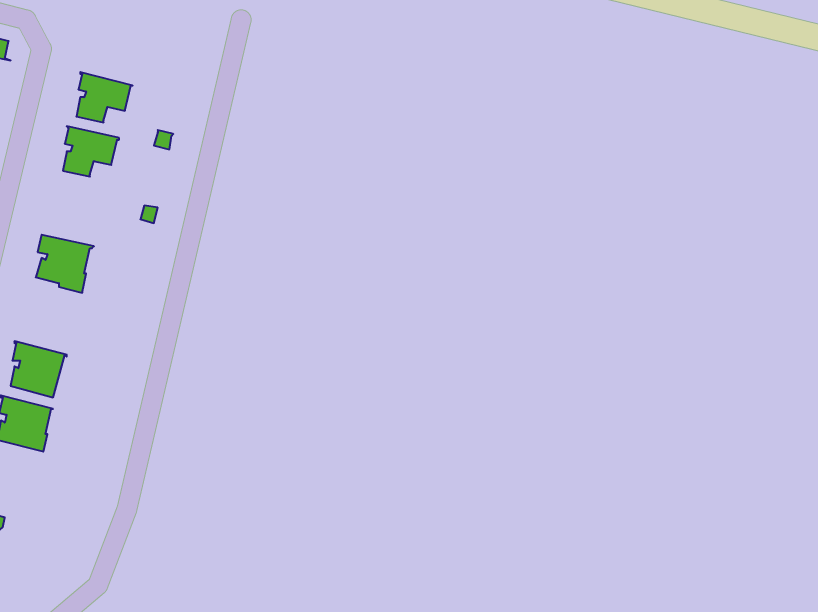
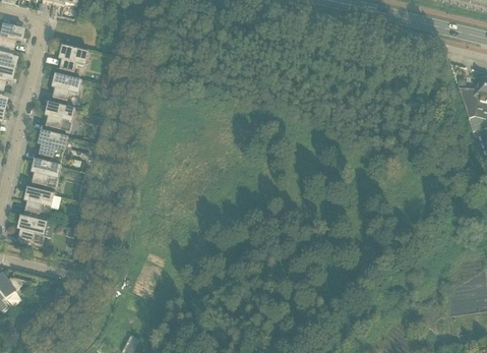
building: none -> [45,101,74,129]
building: none -> [32,157,61,186]

